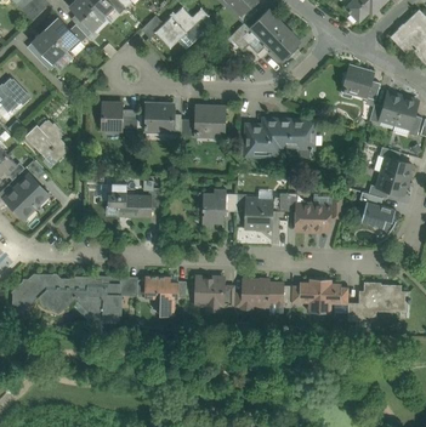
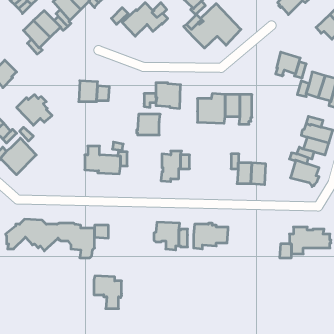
building: [144,104,174,130] -> [137,114,160,135]
building: [245,198,273,228] -> none
building: [144,275,178,315] -> [94,276,122,309]
building: [299,278,341,312] -> none

